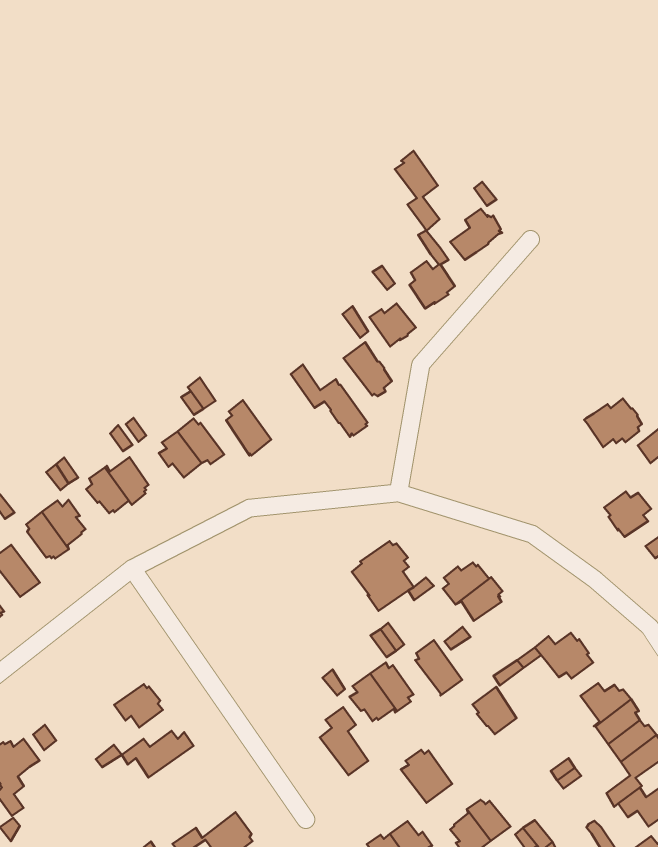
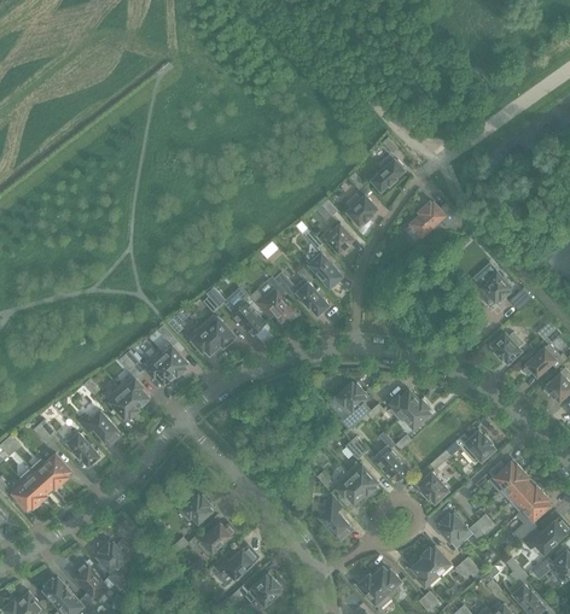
building: [395,151,439,231] -> none
building: none -> [405,201,454,240]
building: none -> [249,288,297,322]
building: [401,750,452,803] -> [436,514,471,549]
building: none -> [213,545,257,579]

